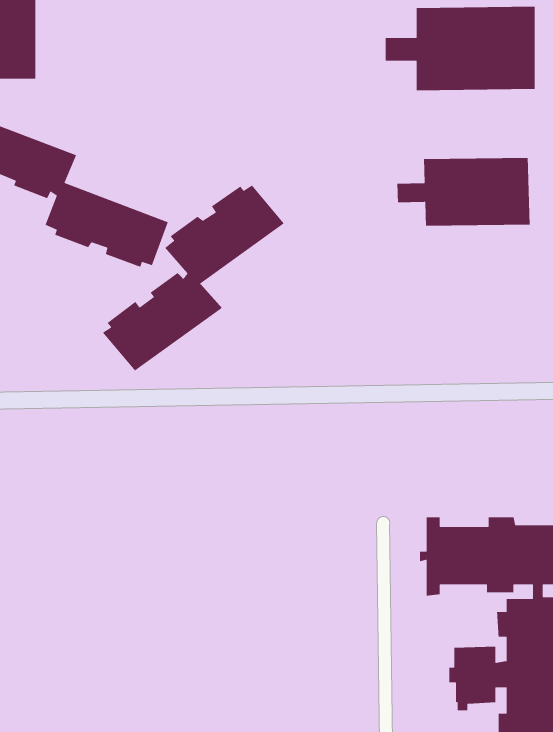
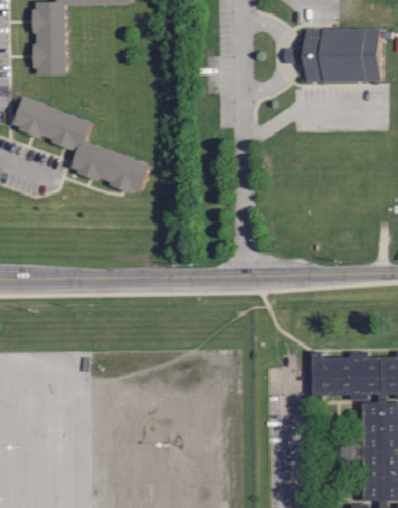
building: [396,157,531,227] -> none
building: [102,185,285,371] -> none

